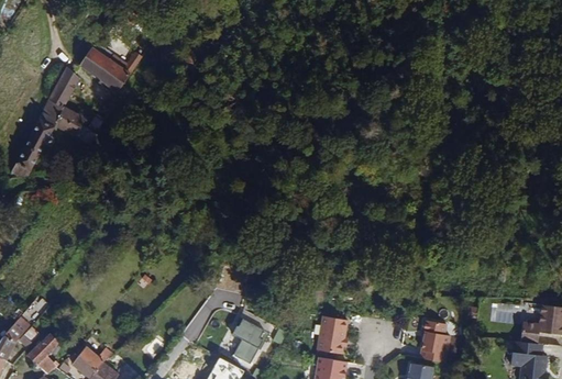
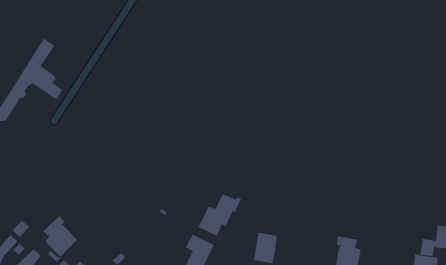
building: [74,54,134,99] -> none
building: none -> [198,193,242,236]
building: none -> [43,215,78,257]

